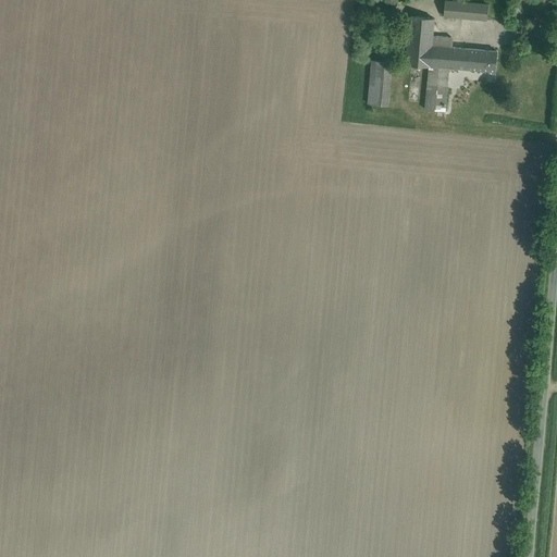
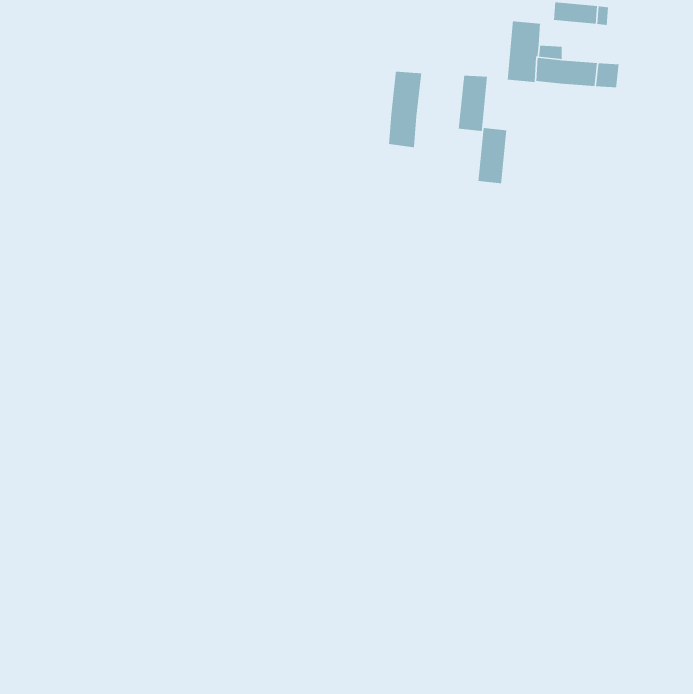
building: none -> [388,71,422,148]
building: [424,65,448,111] -> [477,127,507,184]

